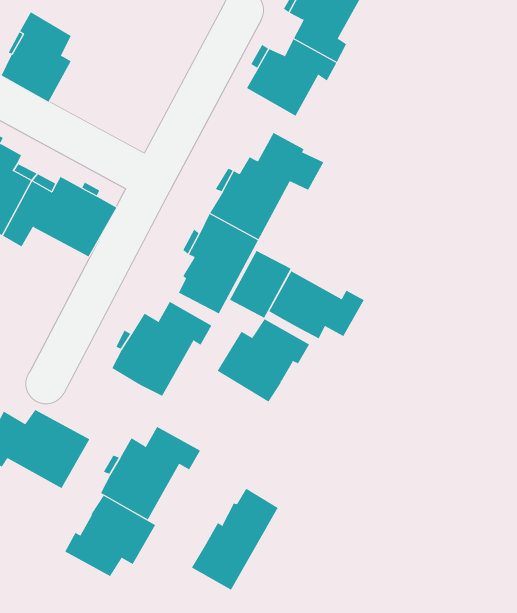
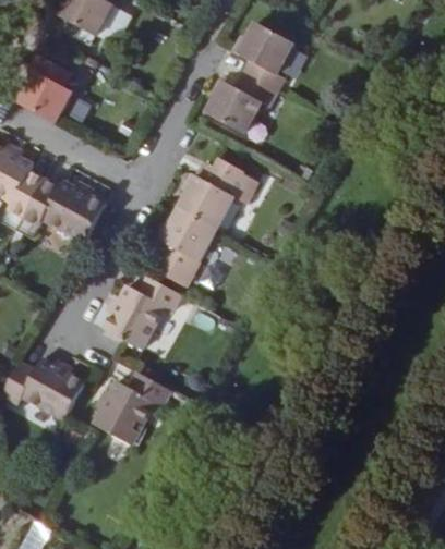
building: [268,271,364,339] -> none
building: [217,318,310,402] -> none
building: [191,488,279,590] -> none
building: [64,495,156,577] -> none

